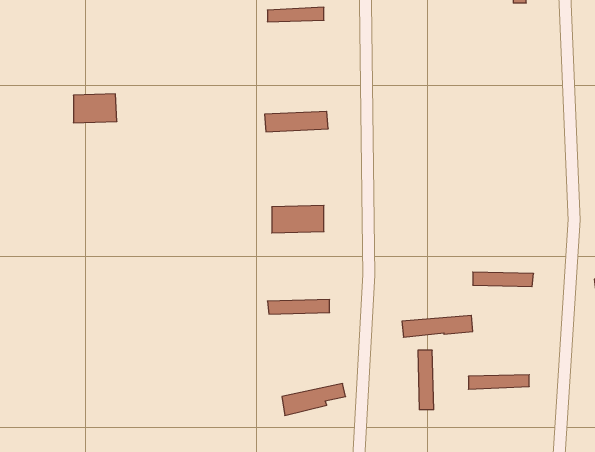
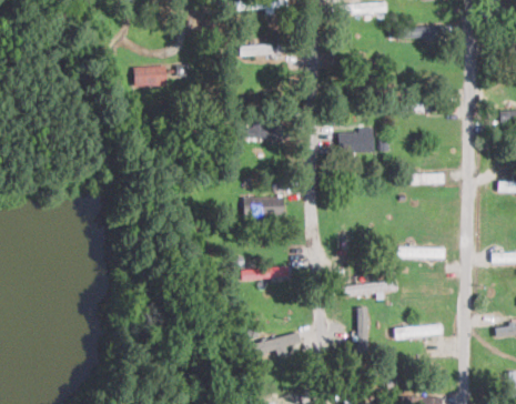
building: [73,94,117,123] -> [134,65,168,88]
building: none -> [338,128,374,153]

